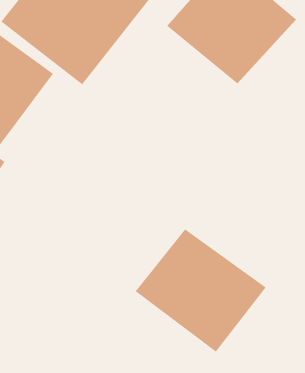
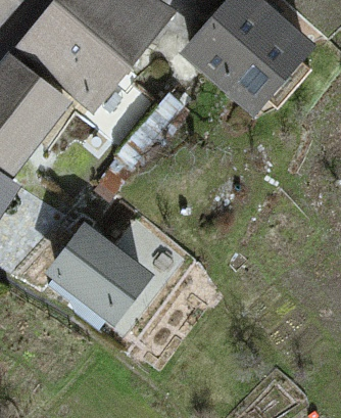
building: none -> [46,223,150,321]
building: [135,228,267,352] -> none

